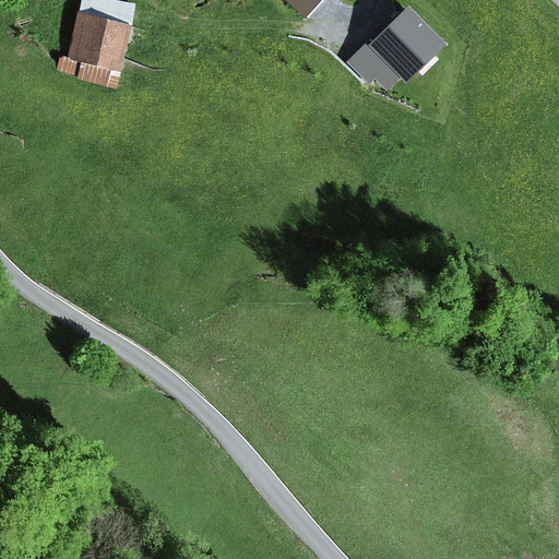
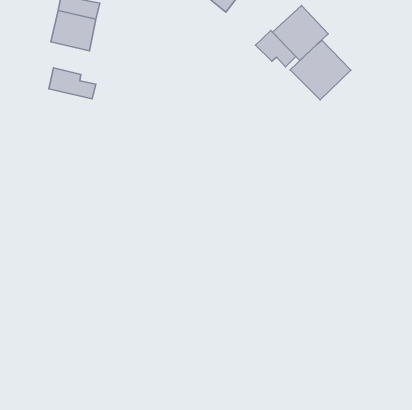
building: none -> [290,40,351,100]
building: none -> [49,68,96,99]

